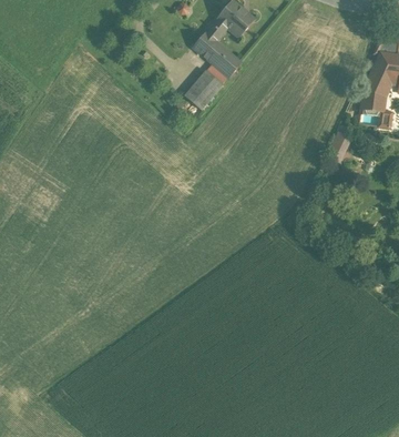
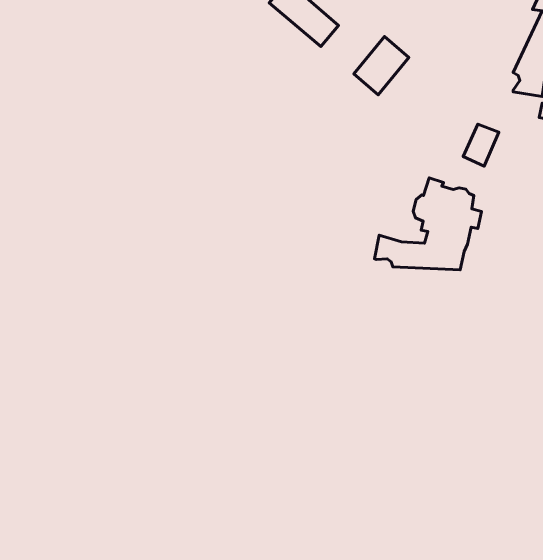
building: [185,69,223,109] -> [354,37,409,95]
building: none -> [375,178,481,270]

